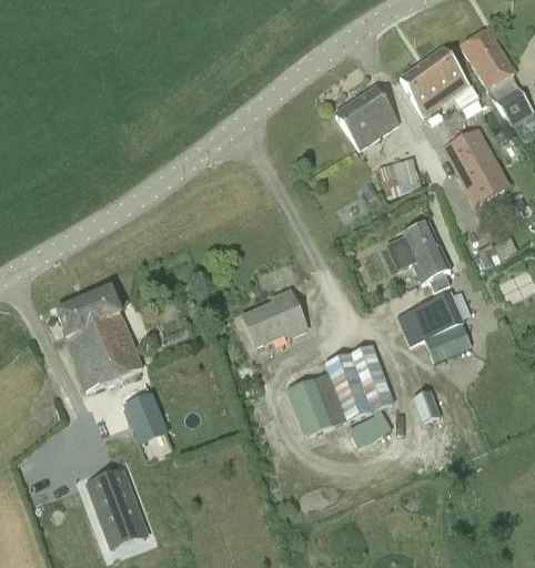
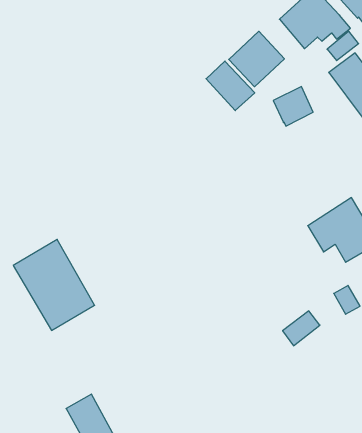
building: none -> [206,61,255,111]
building: [387,222,451,292] -> none
building: [242,292,306,347] -> none
building: [286,345,394,436] -> none
building: [122,381,165,439] -> none

